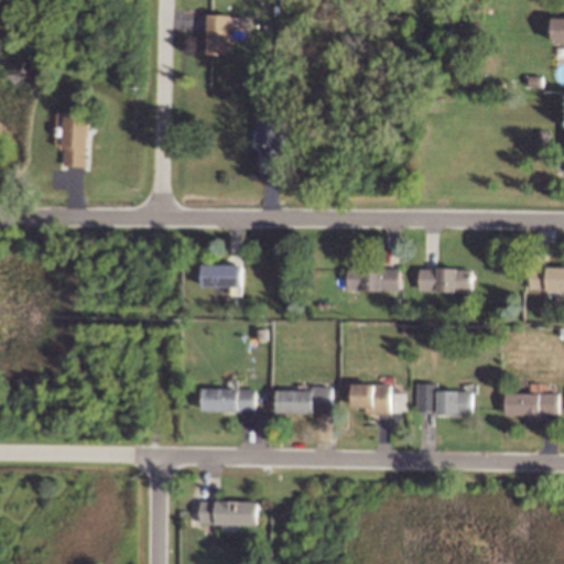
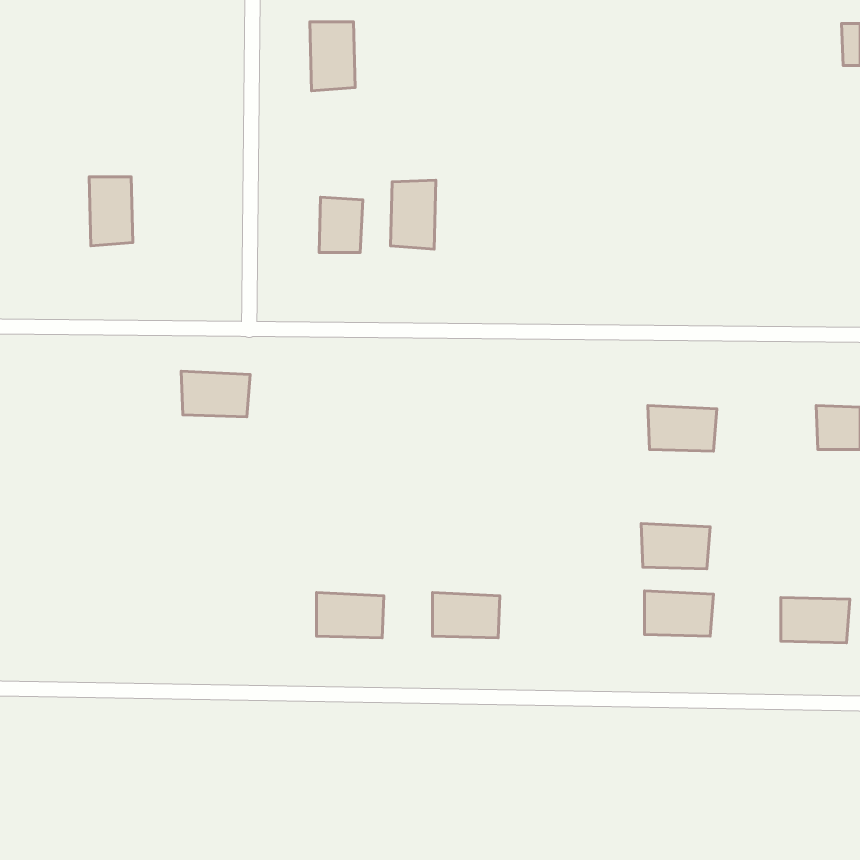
building: none -> [319,197,363,253]
building: [198,263,243,293] -> [181,371,250,417]
building: [351,263,395,293] -> none
building: [357,387,402,416] -> [641,524,710,569]
building: [205,497,250,527] -> none

